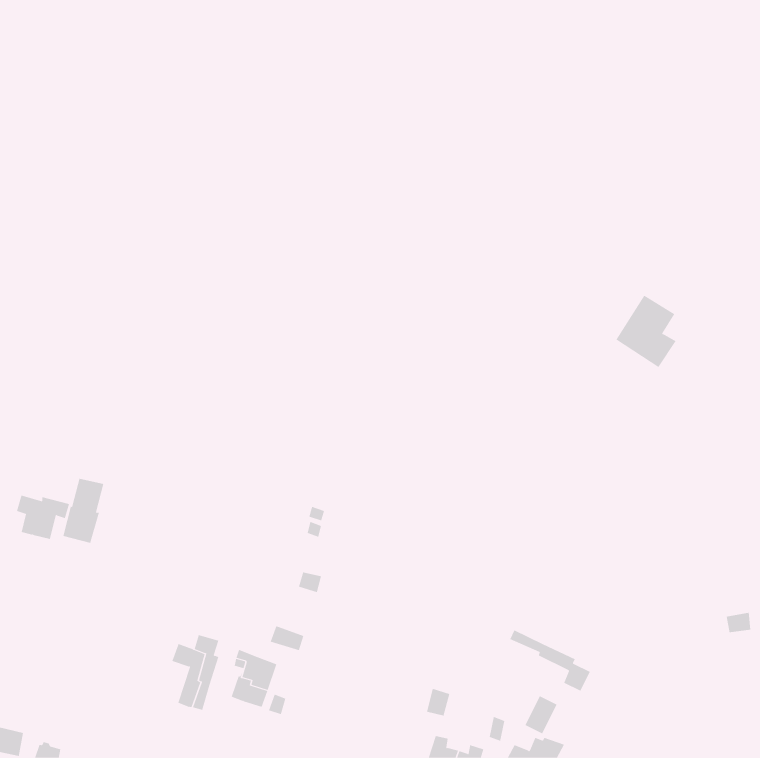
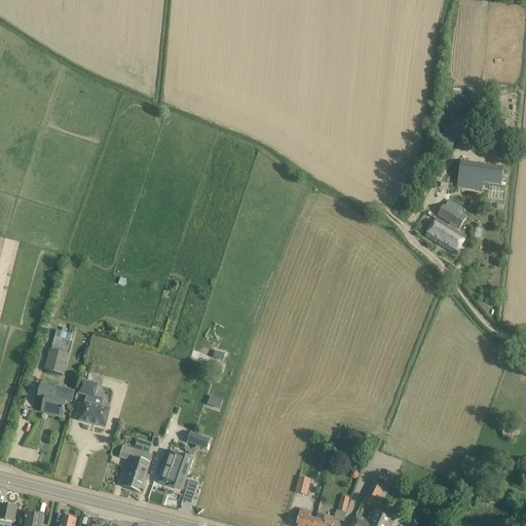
building: none -> [455,160,503,189]
building: [16,495,70,540] -> [37,383,74,414]
building: none -> [78,379,109,425]
building: [509,629,590,691] -> none

